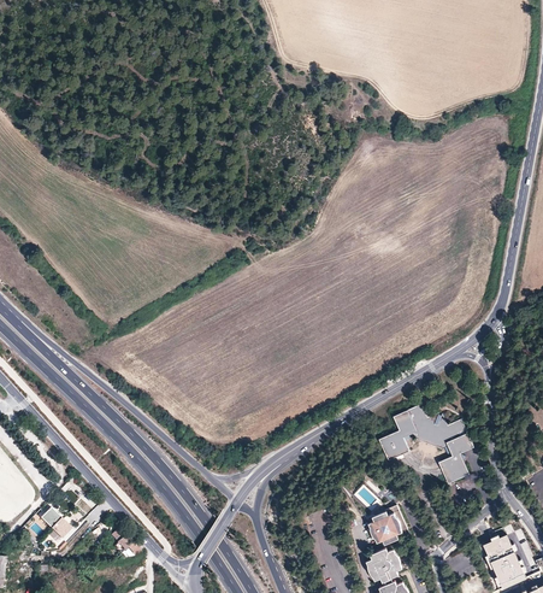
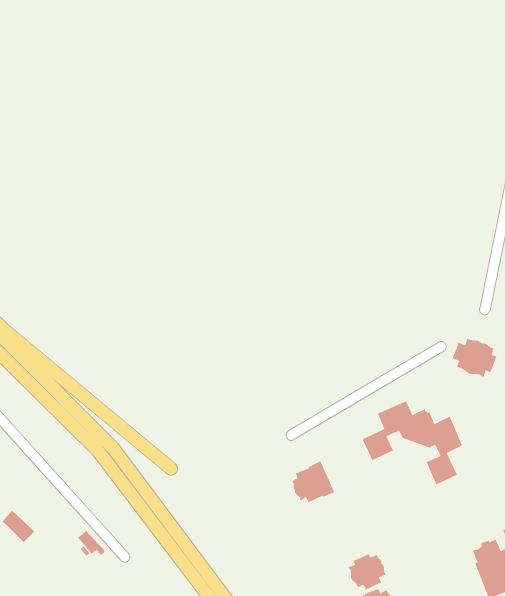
building: none -> [452,338,497,378]
building: [370,505,411,545] -> [291,460,335,503]

